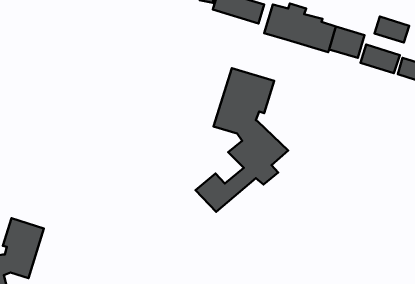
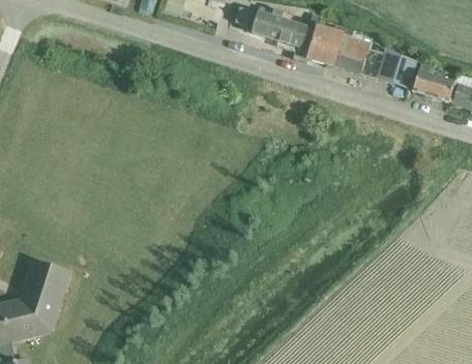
building: [374,17,409,43] -> none
building: [196,68,288,212] -> none

